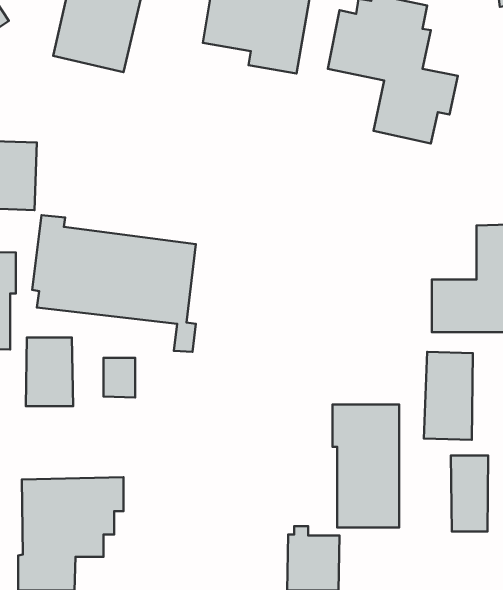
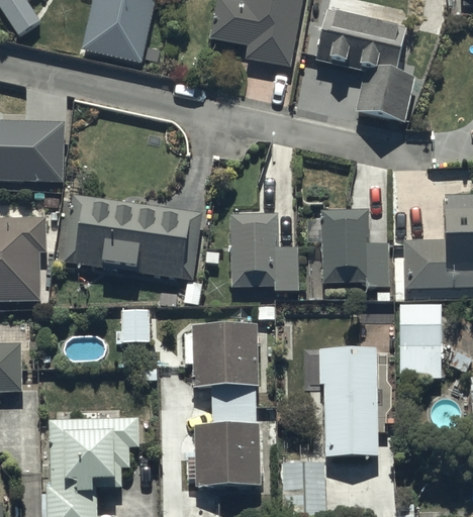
building: none -> [321,209,390,299]
building: none -> [229,213,297,292]
building: [26,337,73,406] -> none
building: none -> [183,324,264,487]
building: [451,455,488,532] -> none

